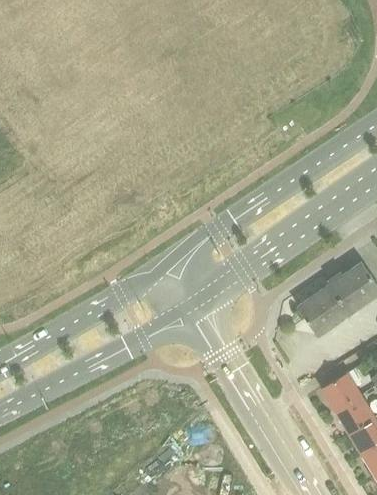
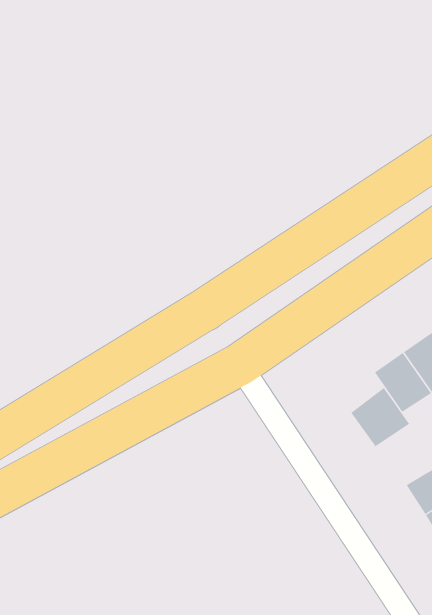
building: none -> [350,387,410,447]

